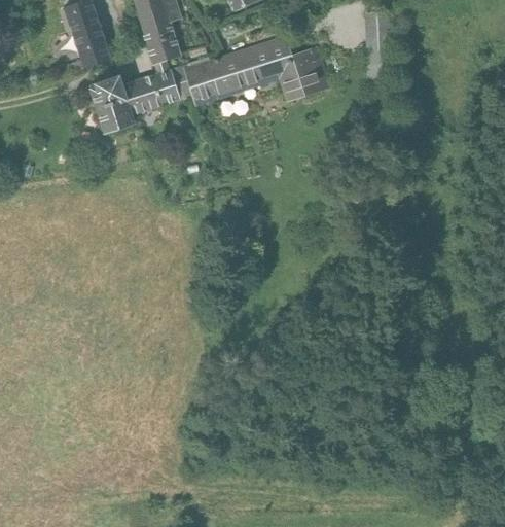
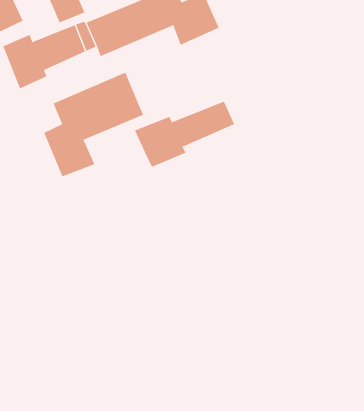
building: none -> [44,72,144,177]
building: none -> [134,101,235,168]

